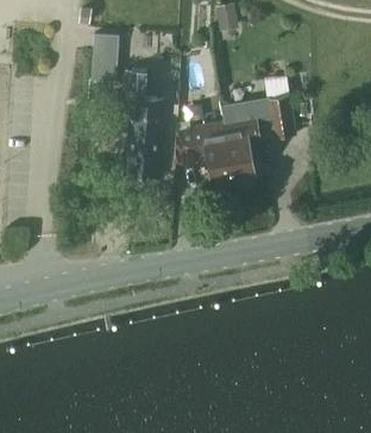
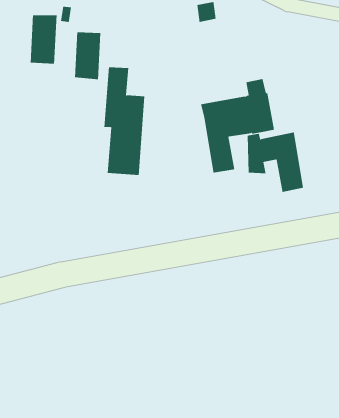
building: none -> [30,15,57,64]
building: [175,123,233,184] -> [247,132,304,193]

